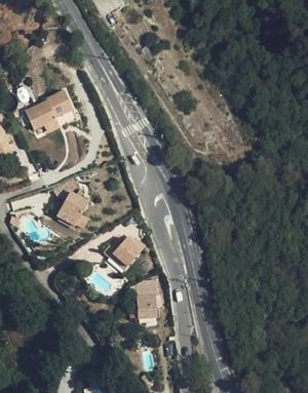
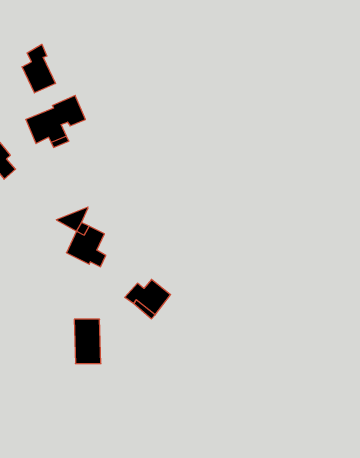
building: none -> [22,44,55,93]
building: [132,289,154,325] -> [74,319,101,364]

